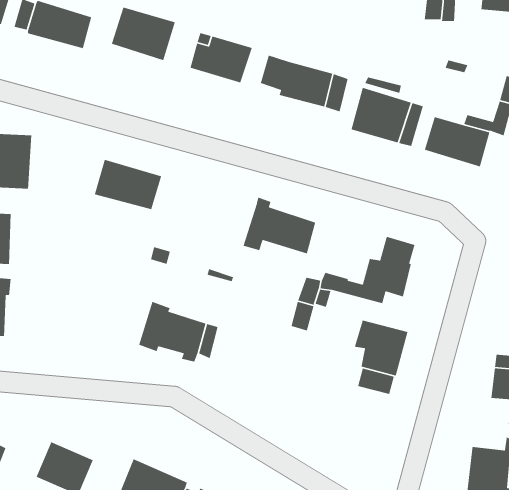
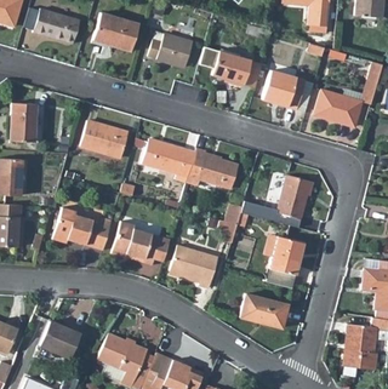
building: none -> [142,138,195,182]
building: none -> [52,206,112,250]
building: none -> [170,245,217,287]
building: none -> [239,293,287,327]

